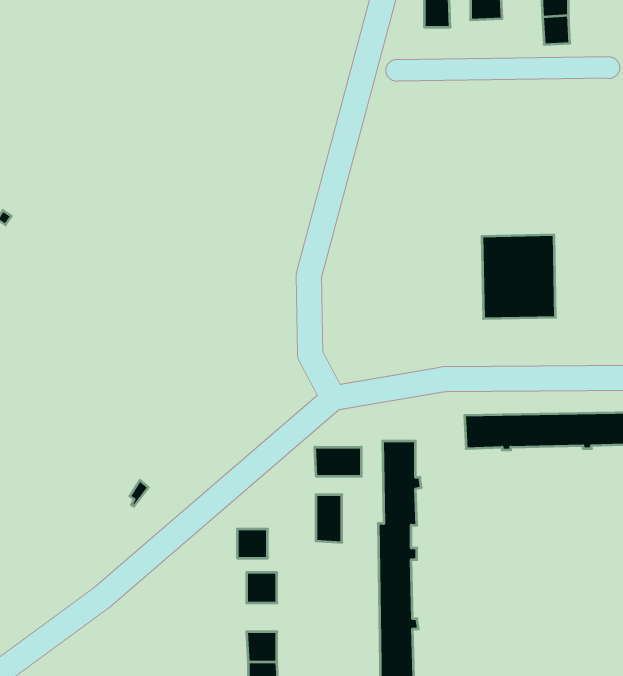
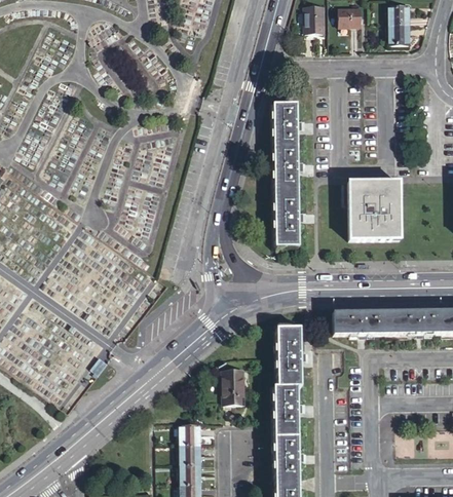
building: none -> [272,104,301,246]
building: [315,447,361,476] -> none
building: [237,529,268,558] -> [180,443,201,463]

